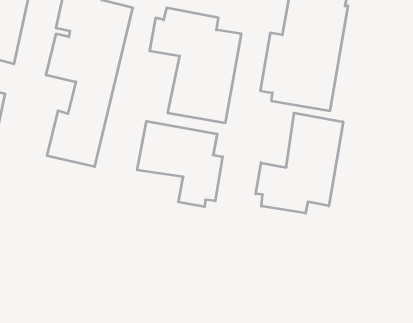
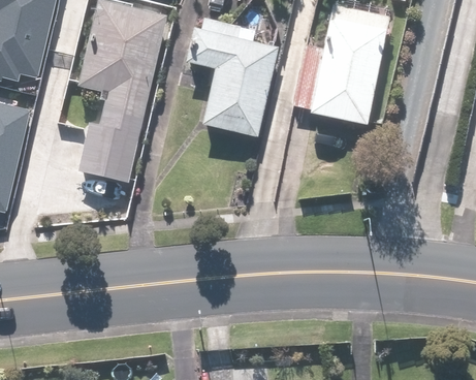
building: [256,113,343,213] -> none
building: [137,121,223,207] -> none

